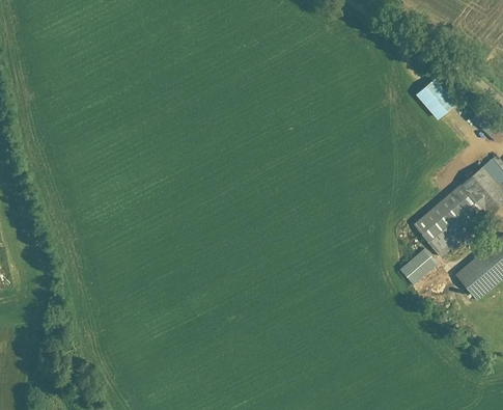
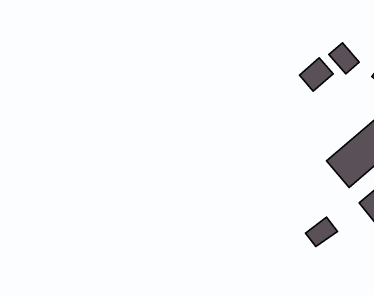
building: none -> [299,58,333,91]
building: [399,248,439,284] -> [306,217,338,247]

